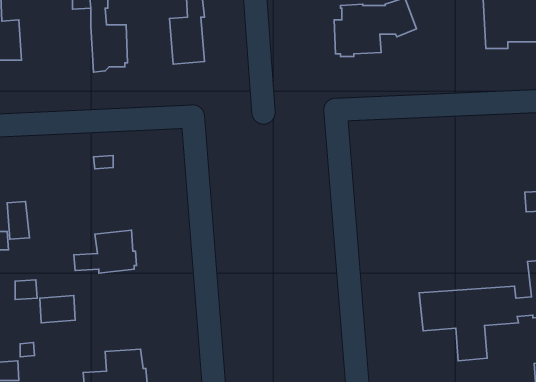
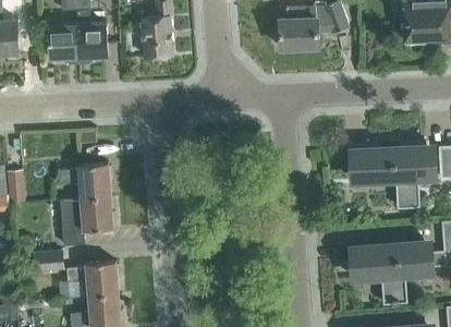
building: none -> [48,24,78,62]
building: none -> [351,145,435,207]
building: none -> [58,162,111,197]
building: none -> [66,261,119,295]

